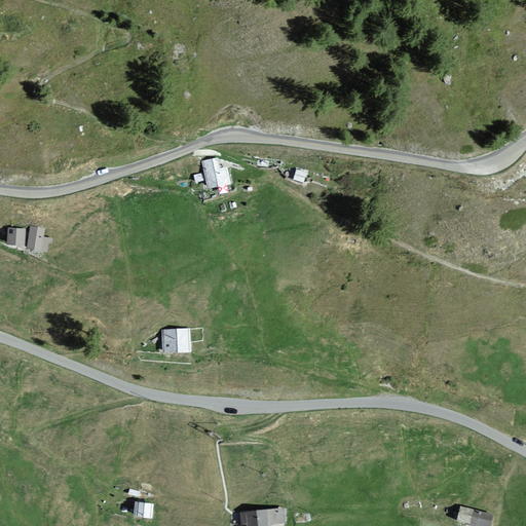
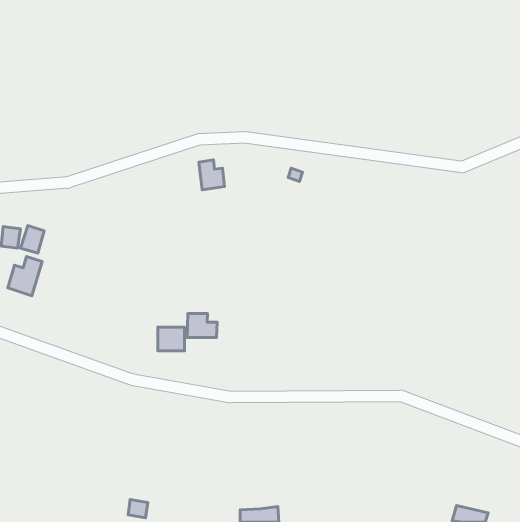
building: none -> [8,256,42,296]
building: none -> [187,314,217,338]

